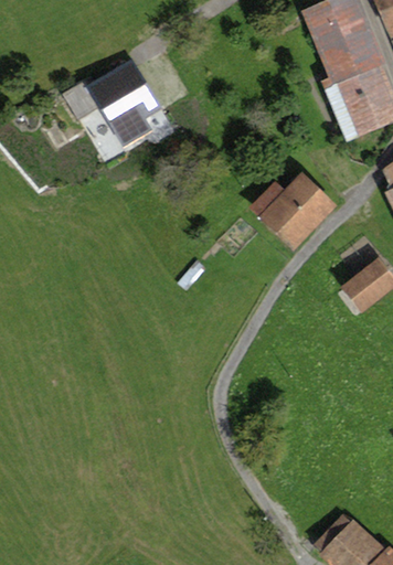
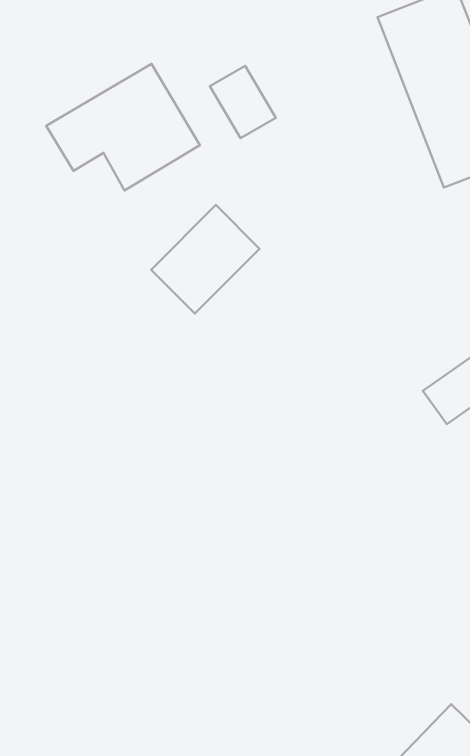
building: none -> [210,66,276,138]
building: [253,173,332,253] -> [151,205,260,313]

